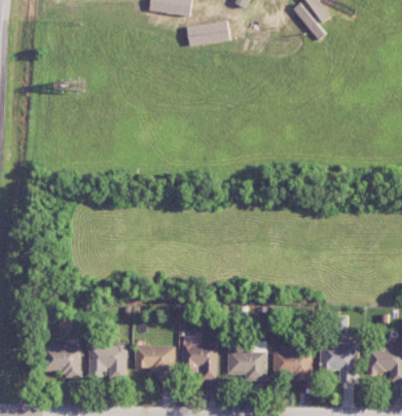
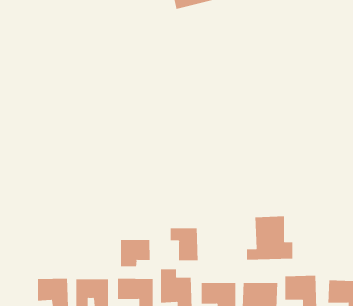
building: none -> [247,215,293,261]
building: none -> [170,228,198,261]
building: none -> [121,239,150,267]

